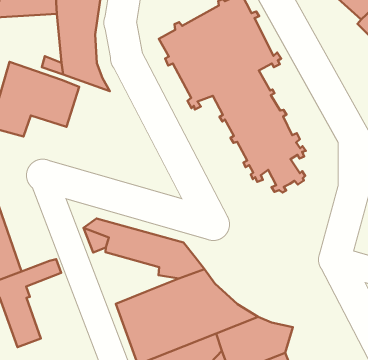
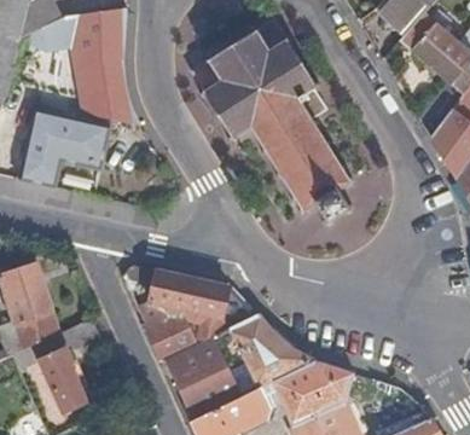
building: none -> [145,312,197,359]

